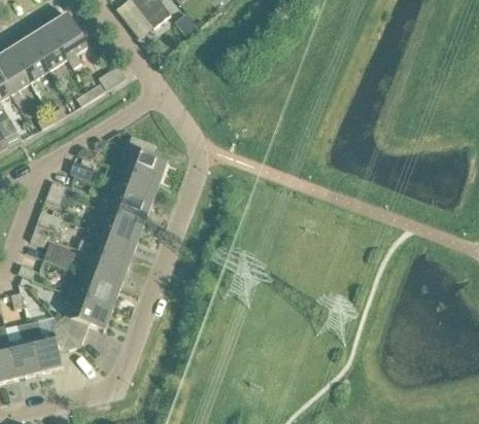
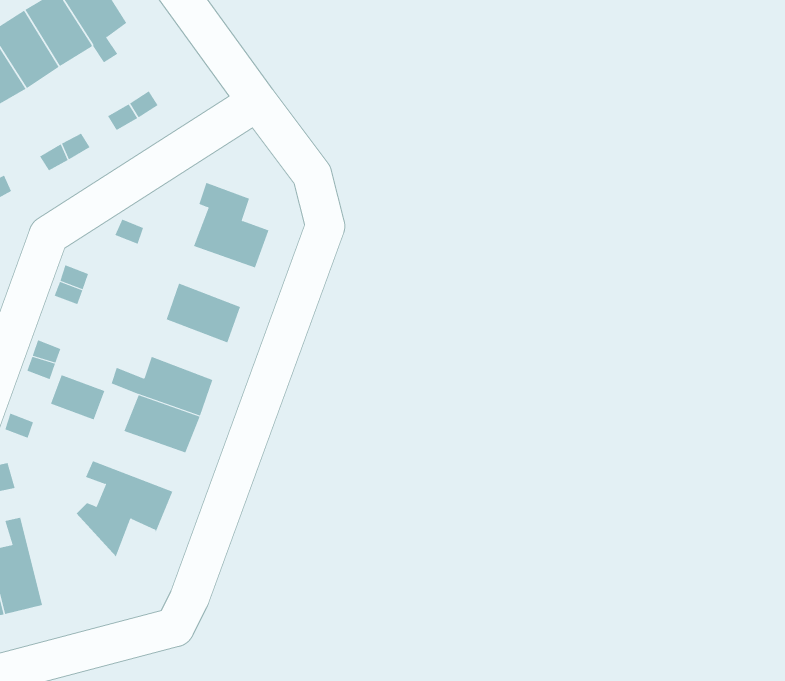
building: [114,170,158,204] -> none
building: [99,211,142,245] -> none
building: [66,274,118,308] -> none
building: [26,320,79,372] -> none

